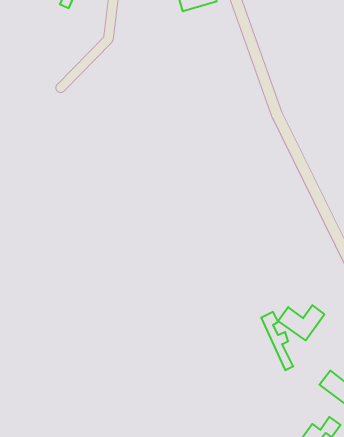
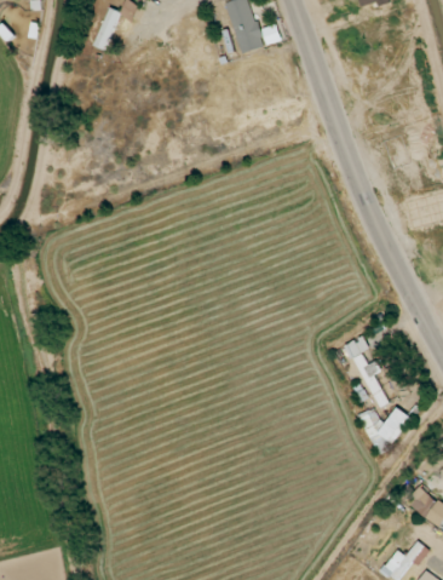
building: [261,312,293,370] -> [347,337,386,407]

